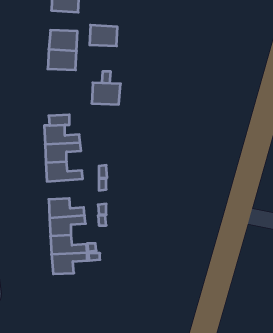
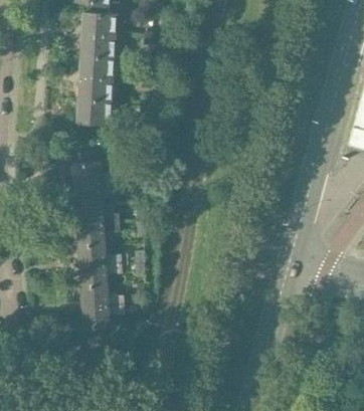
building: [90,25,117,46] -> [82,34,114,57]
building: [92,83,121,104] -> [78,99,111,124]
building: none -> [78,222,119,245]

